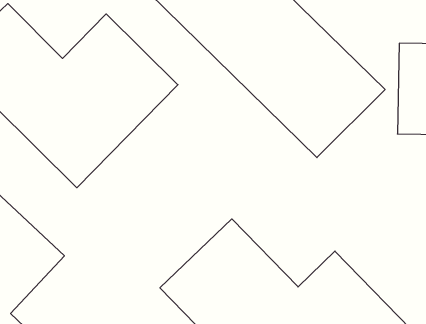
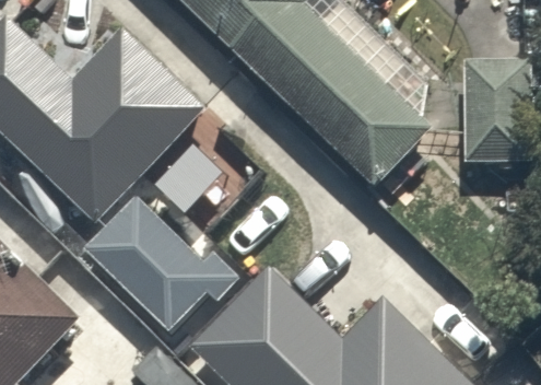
building: none -> [83,186,235,338]

